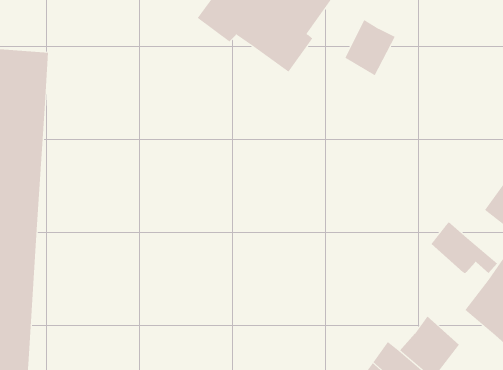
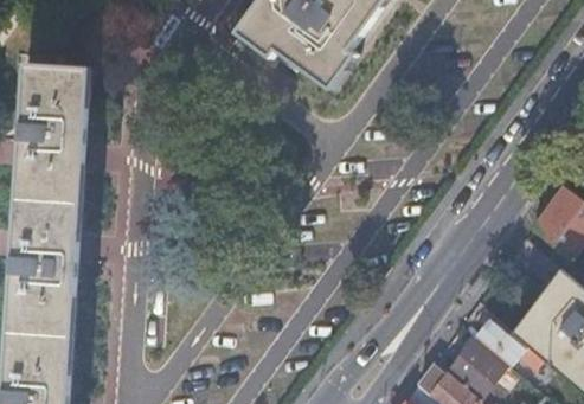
building: [345,19,396,76] -> none
building: [430,222,498,274] -> [473,314,541,367]

